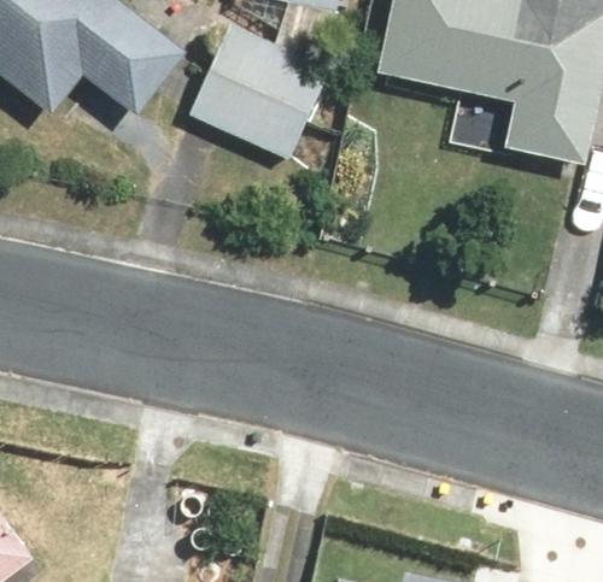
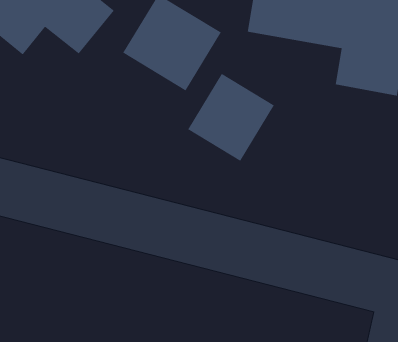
building: none -> [187,73,275,162]

